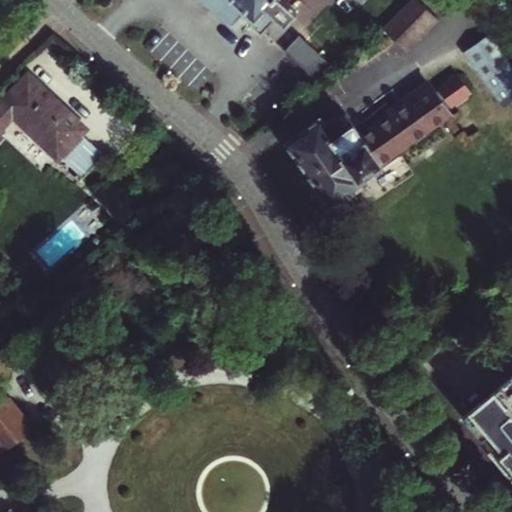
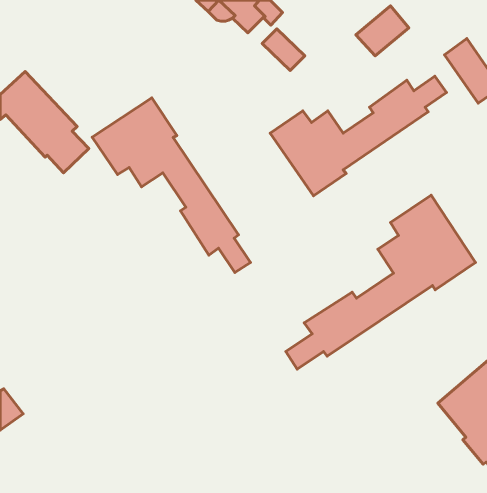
building: none -> [92,98,251,273]
building: none -> [286,195,476,369]

